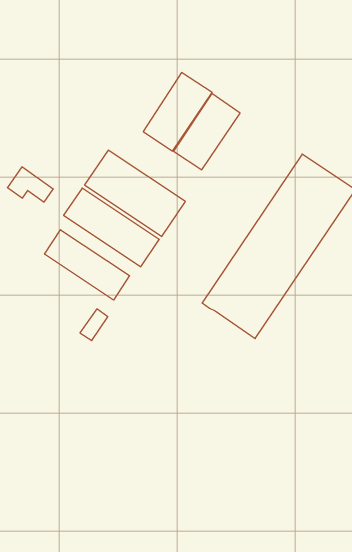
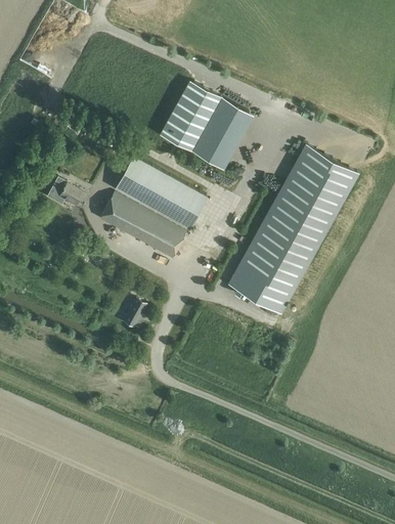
building: [45,230,129,300] -> none

